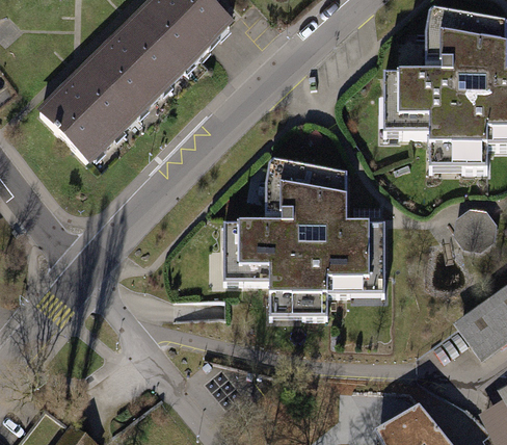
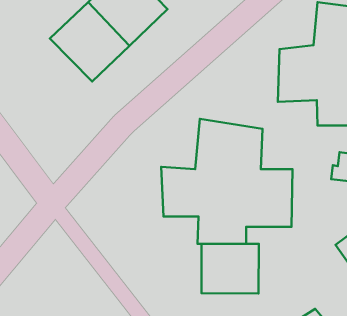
building: [36,60,138,162] -> none
building: none -> [201,244,259,294]

